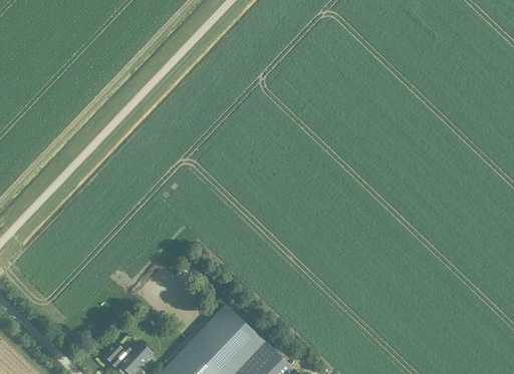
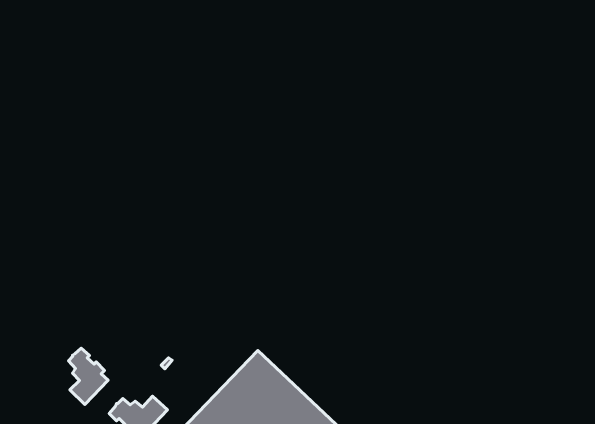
building: none -> [69,348,108,405]

